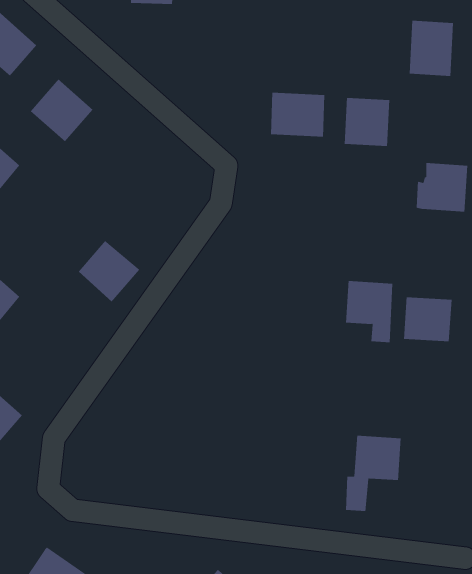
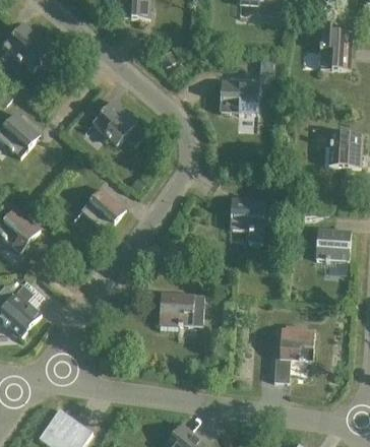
building: [30,79,93,142] -> [91,99,137,144]
building: [344,97,390,147] -> none
building: [345,281,393,343] -> [230,197,264,242]
building: none -> [160,292,204,329]

